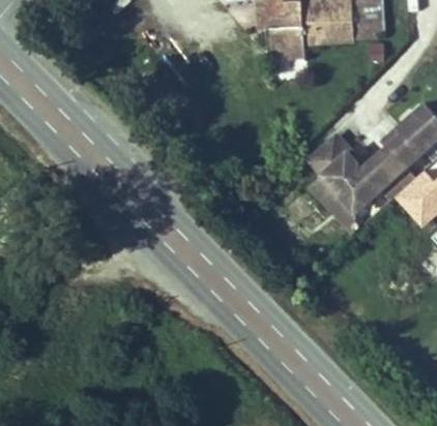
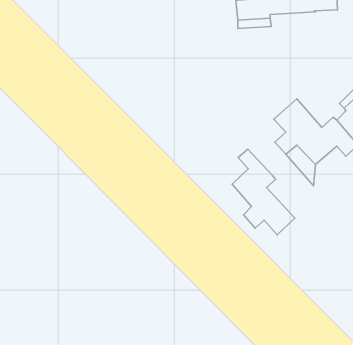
building: none -> [232,149,295,235]

